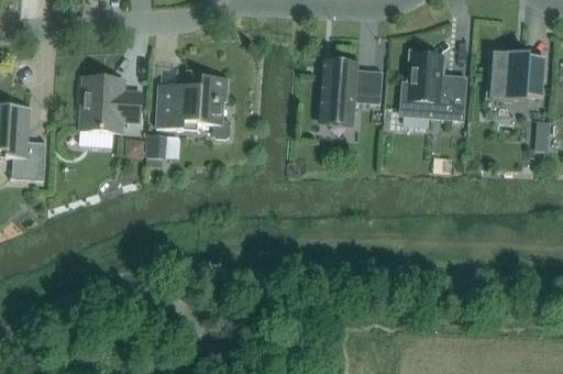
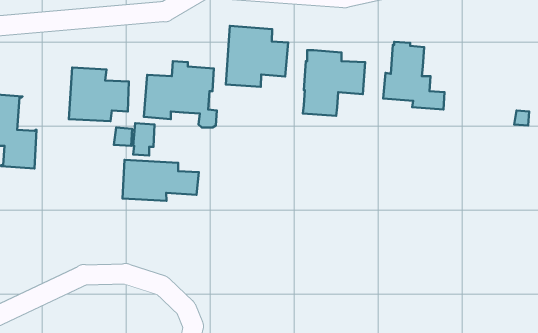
building: none -> [226,26,288,87]
building: [487,50,544,101] -> none
building: none -> [122,160,199,201]

